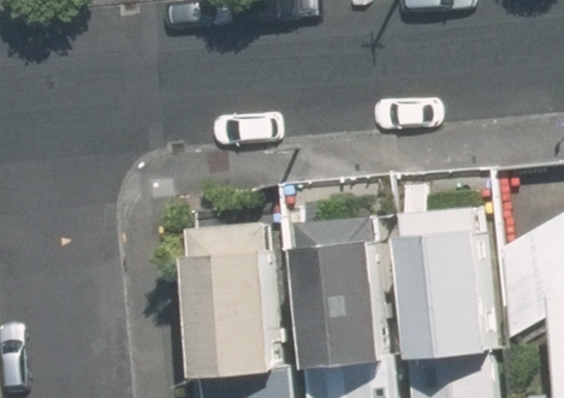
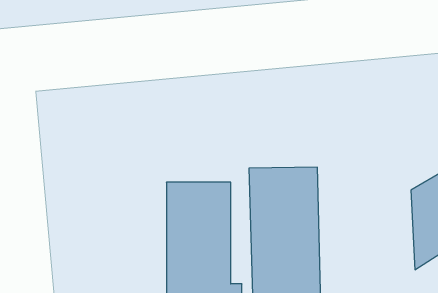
building: [403,216,493,354] -> none

